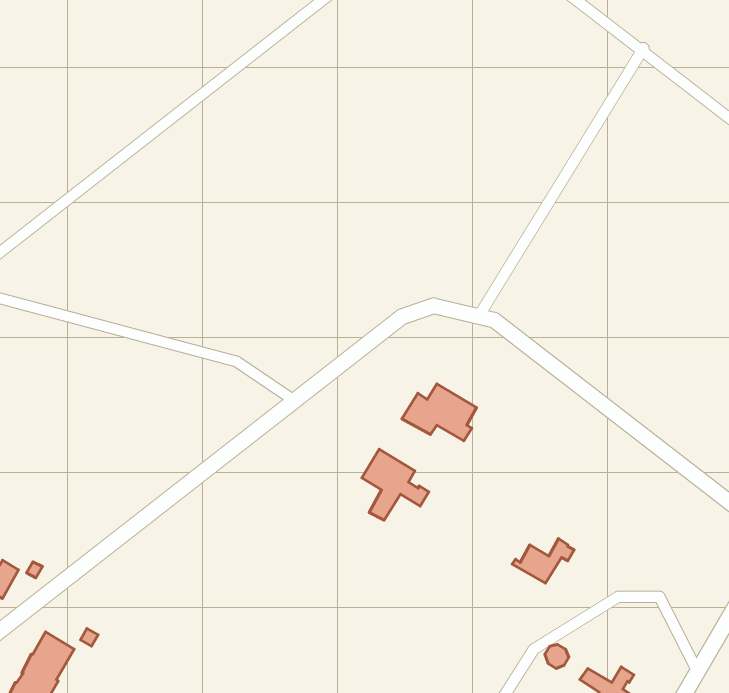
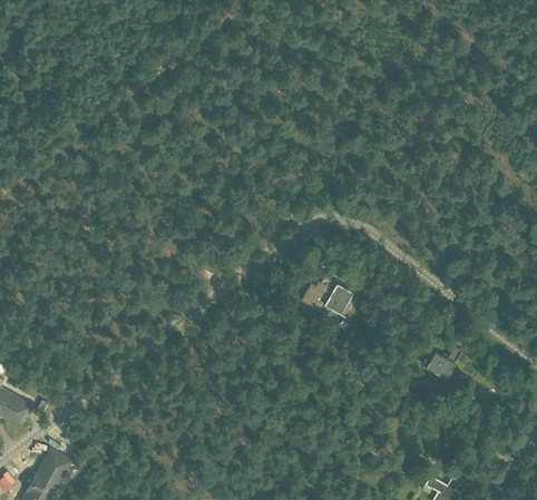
building: [362,449,429,520] -> none
building: [512,539,574,583] -> [422,349,466,380]

